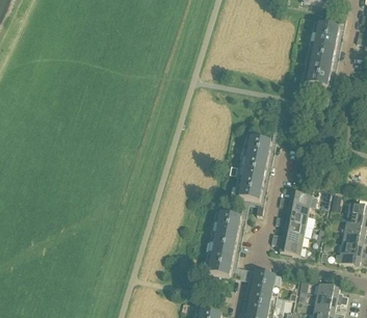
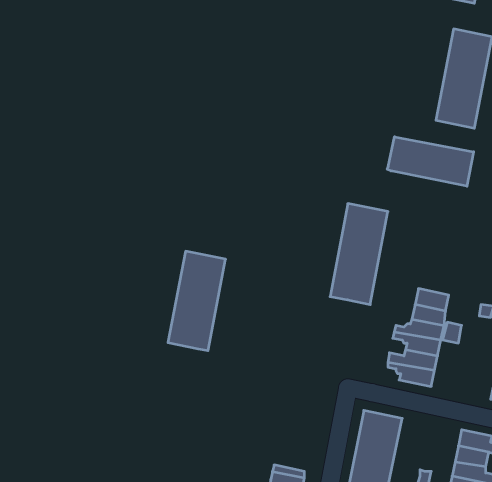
building: none -> [387,137,474,186]
building: [204,211,241,275] -> [168,251,226,351]

